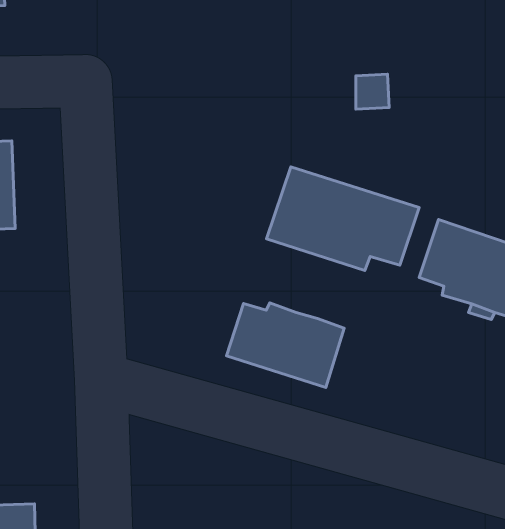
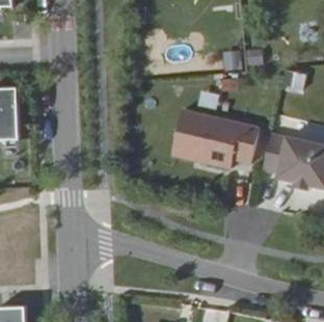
building: [226,303,344,388] -> none

